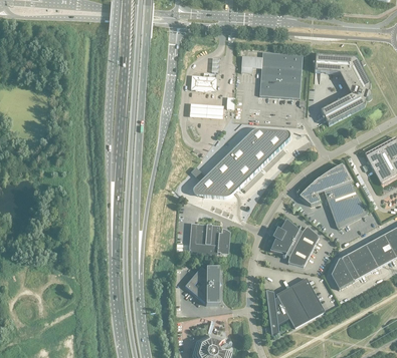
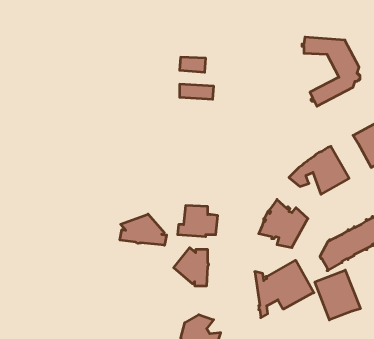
building: [259,50,303,96] -> none
building: [194,127,289,197] -> none
building: [332,196,368,227] -> none
building: none -> [120,214,167,245]
building: none -> [315,270,360,320]

